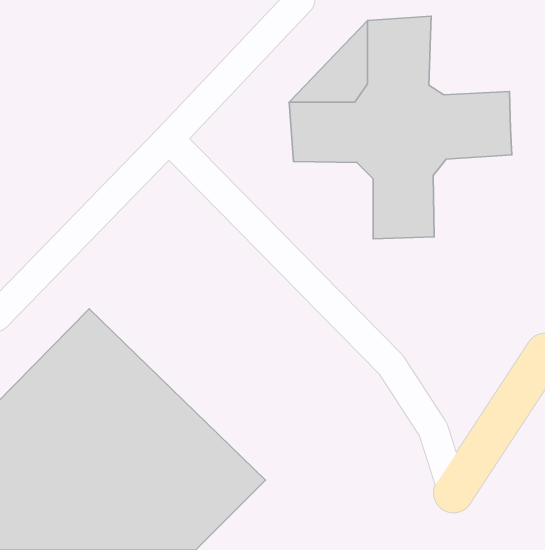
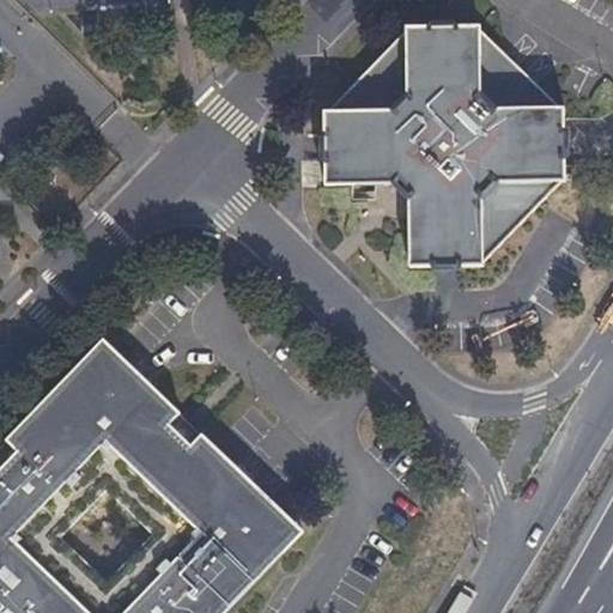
building: none -> [478,18,568,105]
building: none -> [482,172,570,263]

